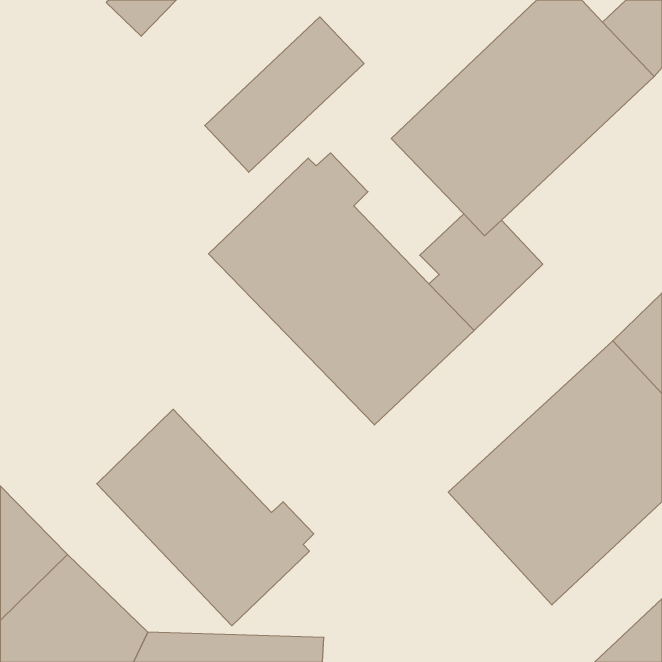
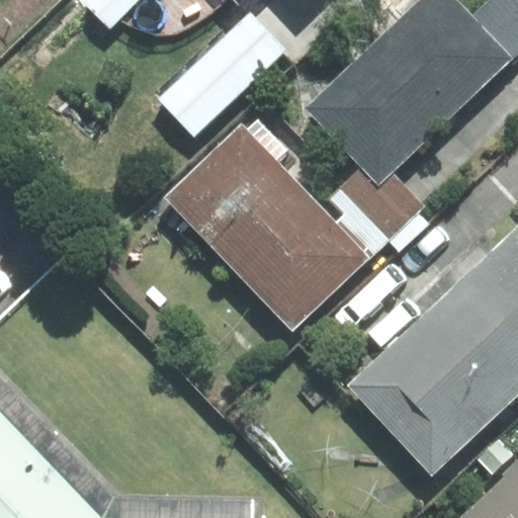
building: [97,409,314,626] -> none

